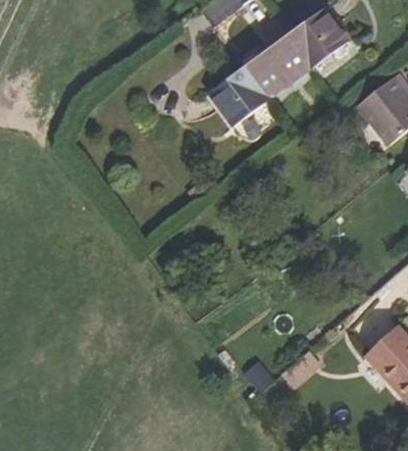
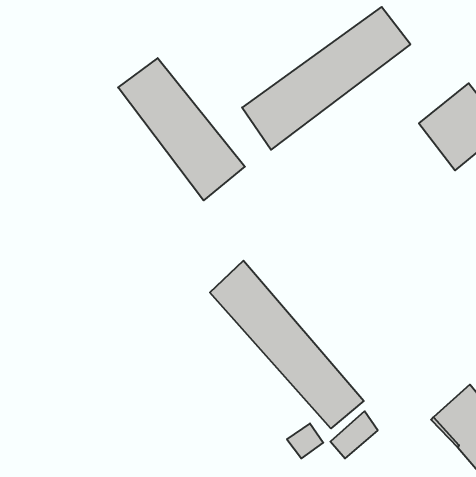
building: none -> [118,58,245,200]
building: none -> [210,261,364,428]

